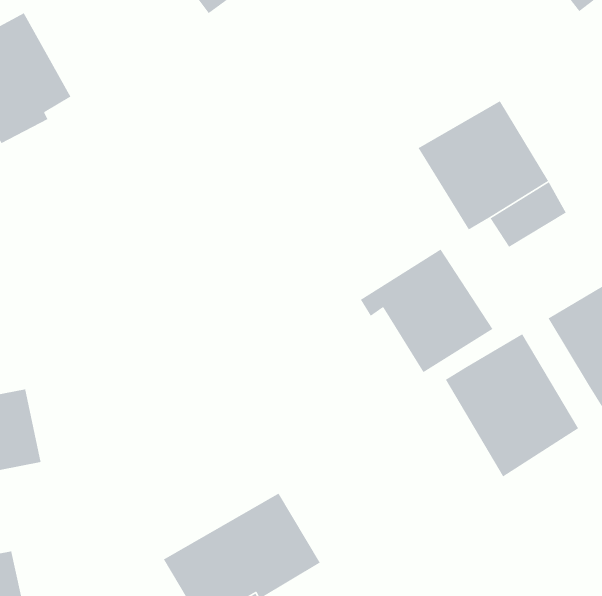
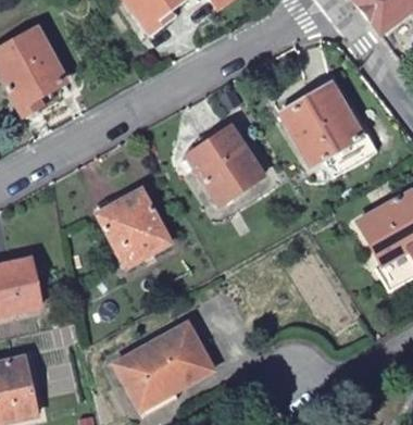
building: [360,248,493,373] -> [177,126,260,203]
building: none -> [99,190,171,266]
building: [445,333,579,478] -> none

